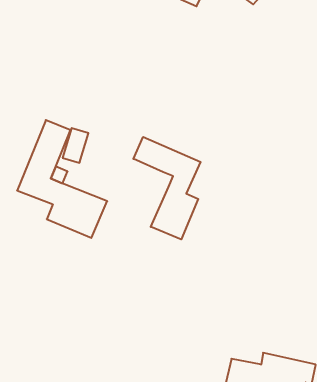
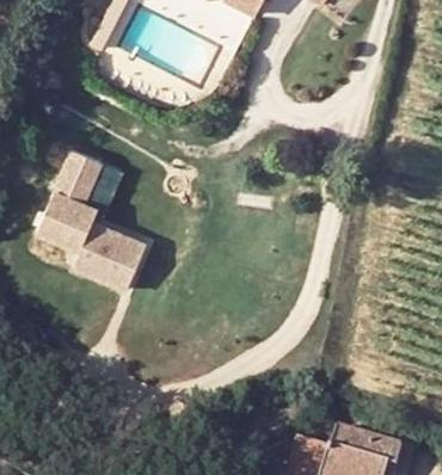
building: [133,137,201,239] -> none

